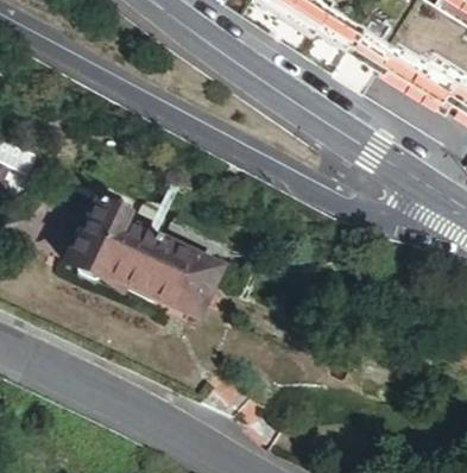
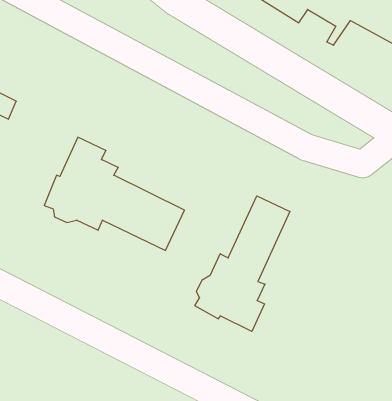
building: none -> [195,196,290,331]

